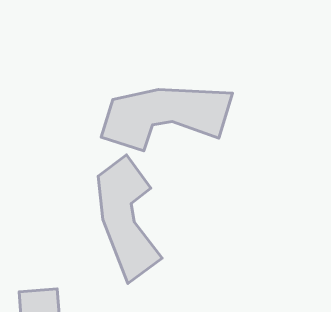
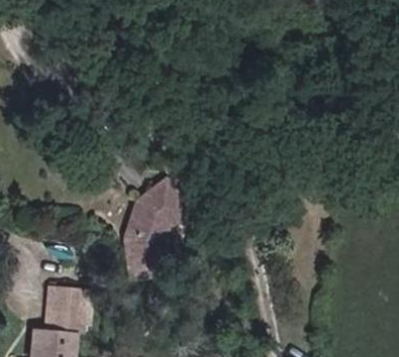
building: [101,90,233,151] -> none

